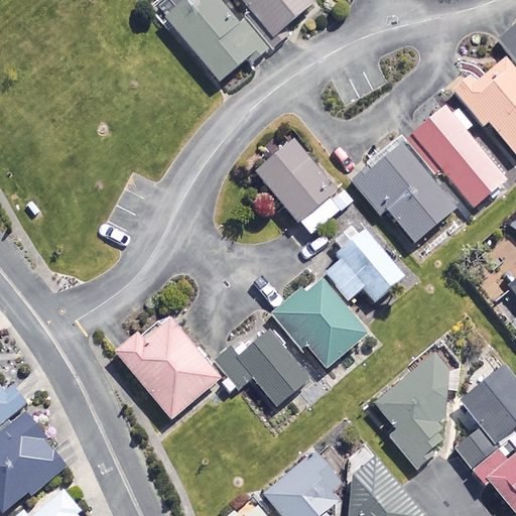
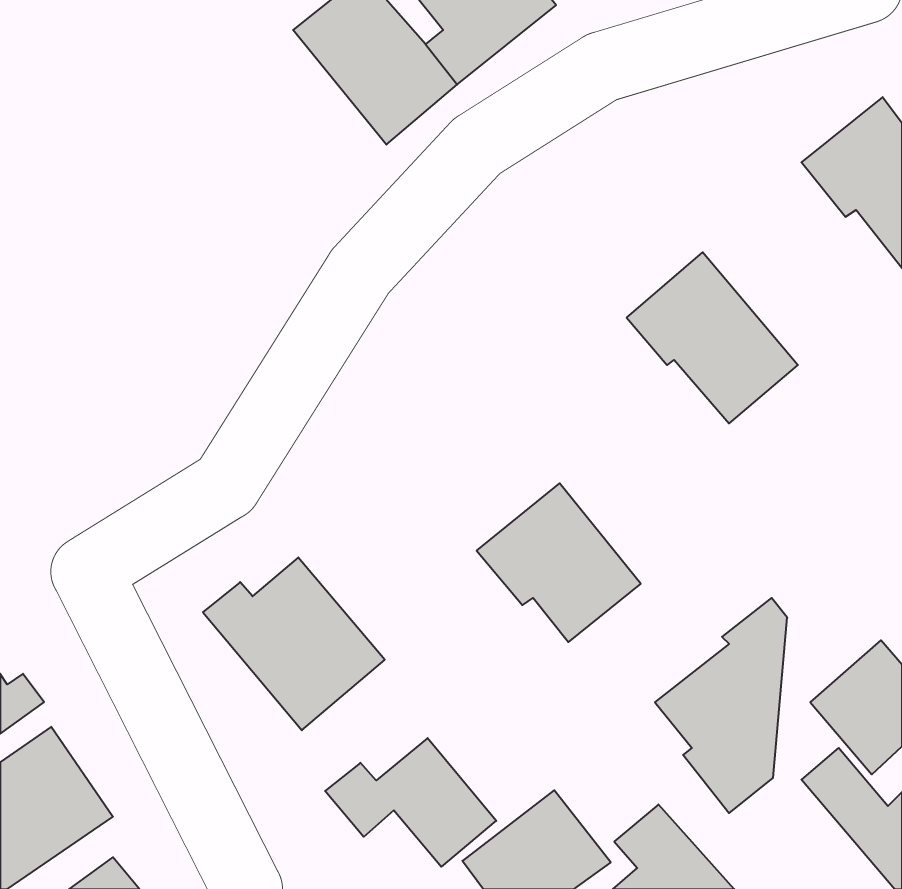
building: [411,109,506,209] -> none
building: [257,141,347,234] -> none
building: [322,230,404,300] -> none
building: [211,333,308,406] -> [325,738,496,867]

